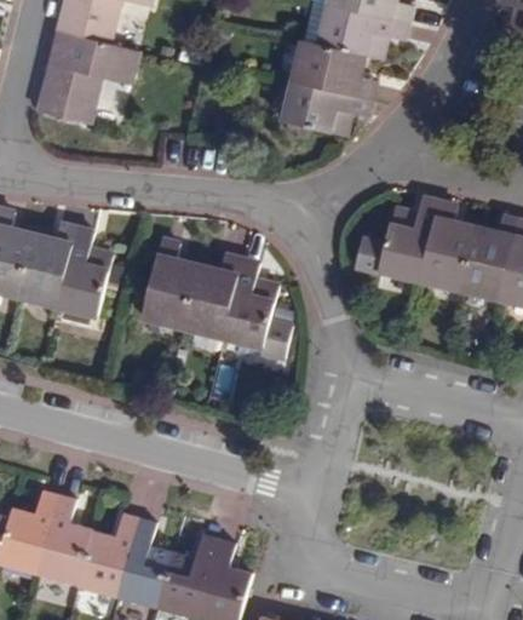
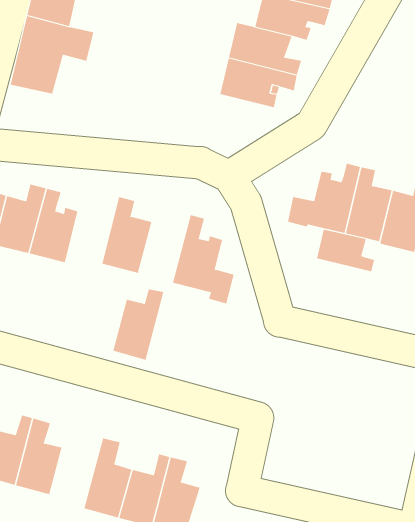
building: [182,256,241,338] -> [112,289,164,360]
building: none -> [316,229,375,272]
building: [79,511,140,597] -> none

